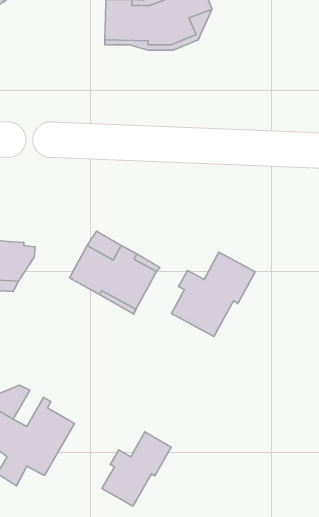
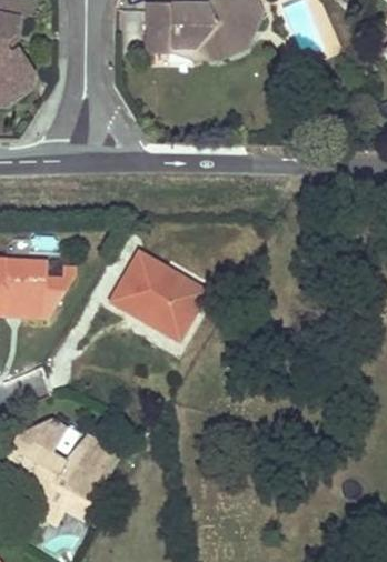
building: [171,252,255,336] -> none
building: [102,432,171,506] -> none

